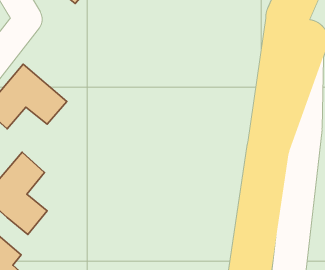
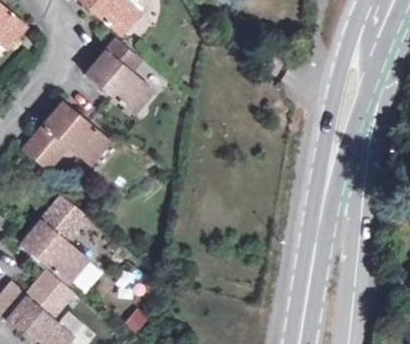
building: none -> [86,38,153,114]

